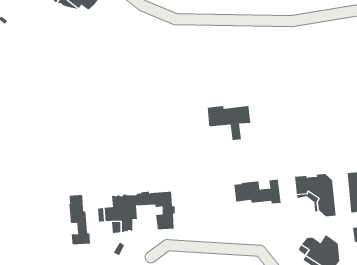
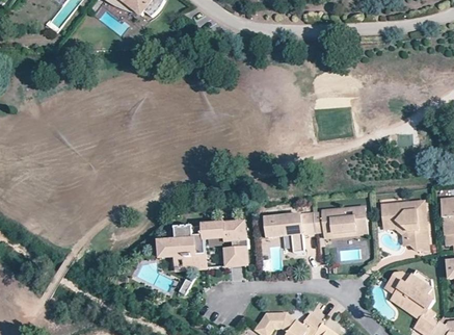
building: [207,106,251,140] -> [264,213,314,253]
building: [69,194,91,245] -> none

